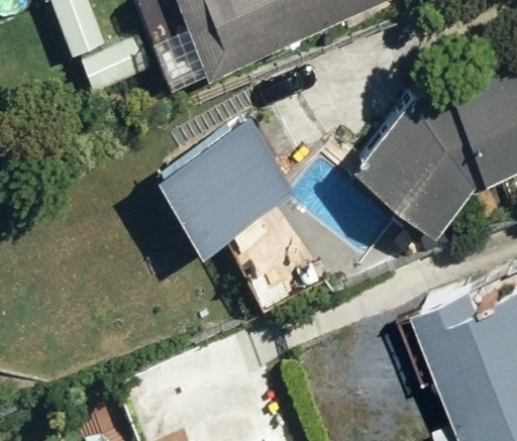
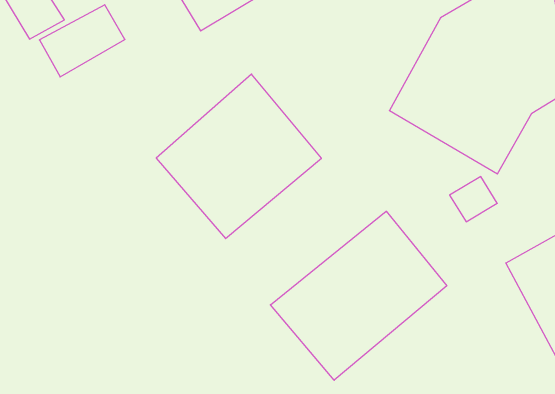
building: none -> [270,211,447,380]

